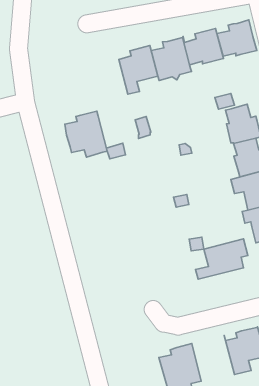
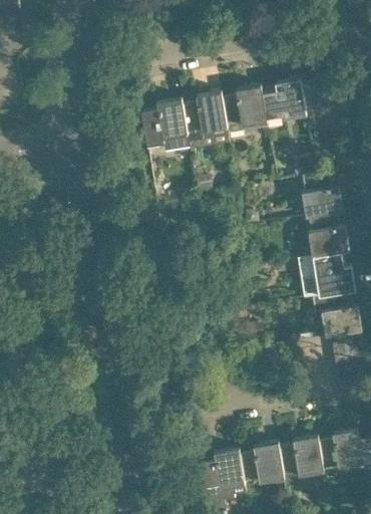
building: [65,111,107,157] -> [139,98,187,152]
building: [195,239,248,279] -> none
building: none -> [236,442,283,493]

